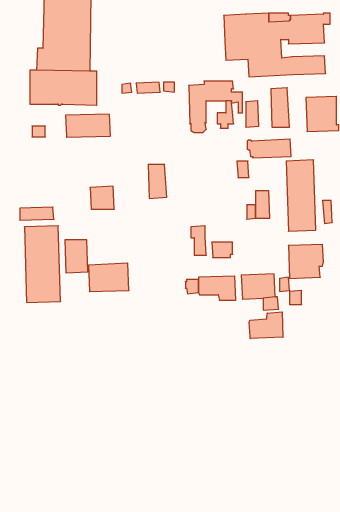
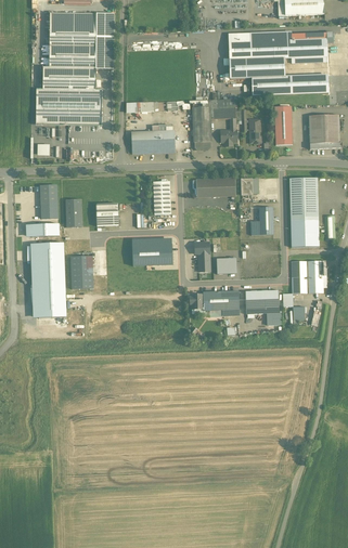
building: [66,114,110,137] -> [131,130,176,153]
building: [247,139,291,158] -> [192,178,235,196]
building: none -> [40,184,57,218]
building: none -> [66,198,82,226]
building: [88,263,129,292] -> [132,237,172,265]
building: [249,312,283,339] -> none

